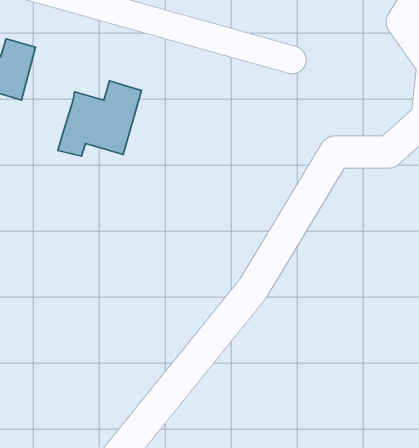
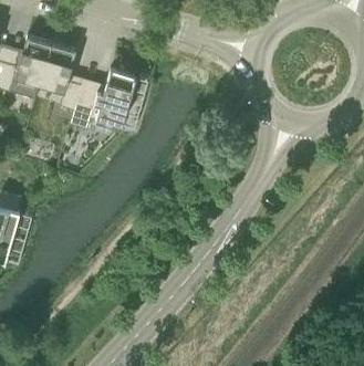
building: none -> [41,43,82,111]

